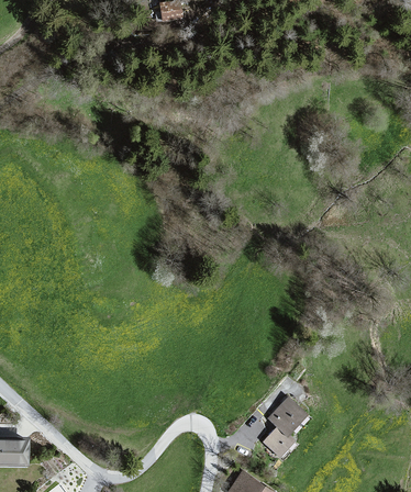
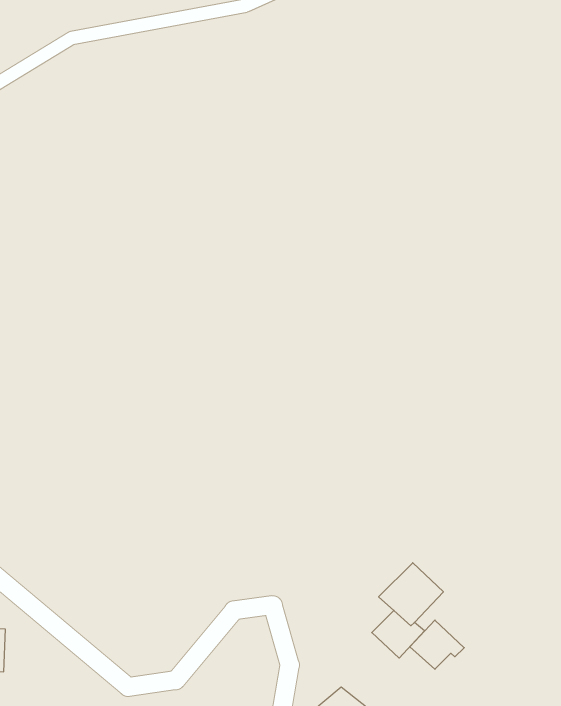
building: none -> [410,620,464,669]

